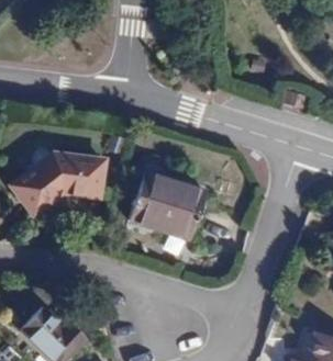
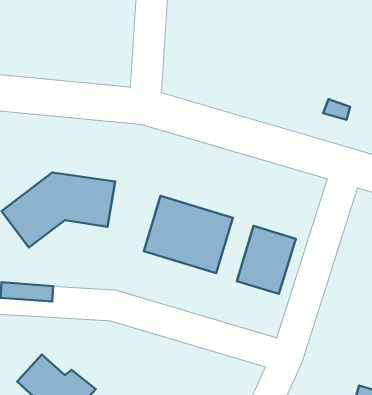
building: none -> [237,226,296,294]

